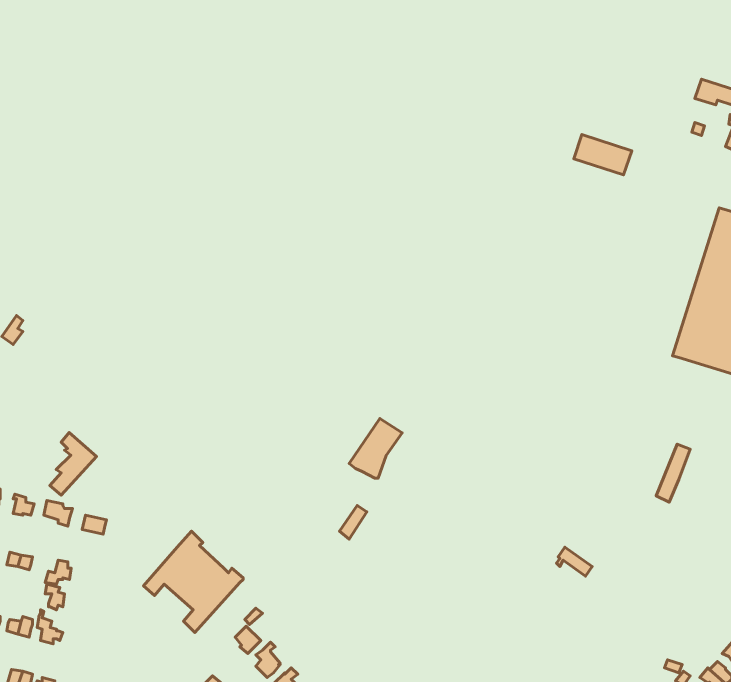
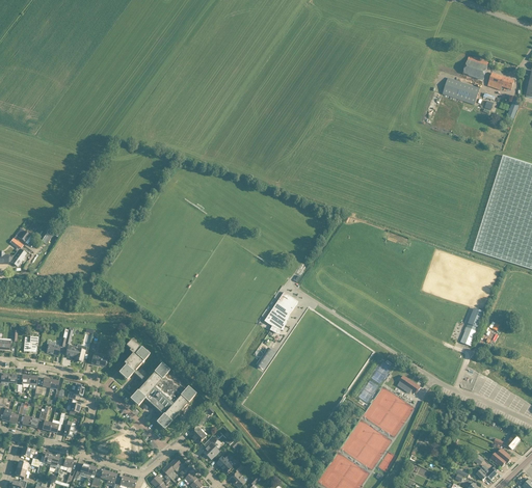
building: none -> [461,55,488,83]
building: [574,135,632,175] -> [443,77,480,103]
building: [50,432,97,495] -> [119,338,150,379]

